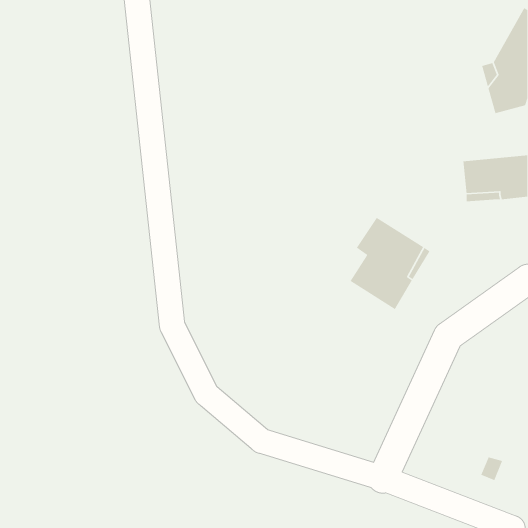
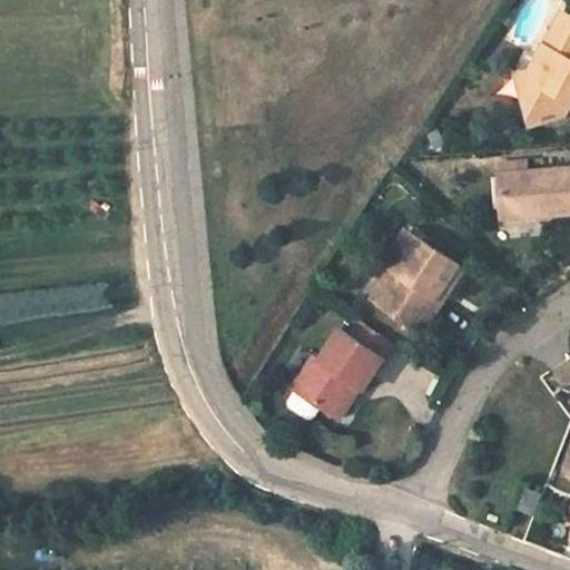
building: none -> [291,333,383,422]

